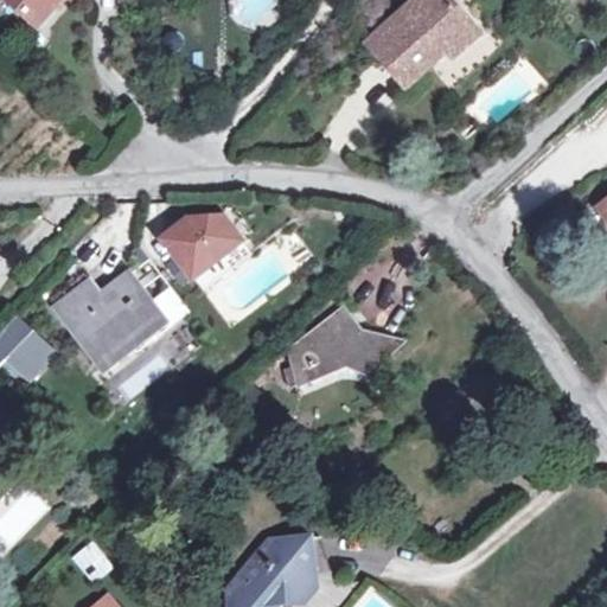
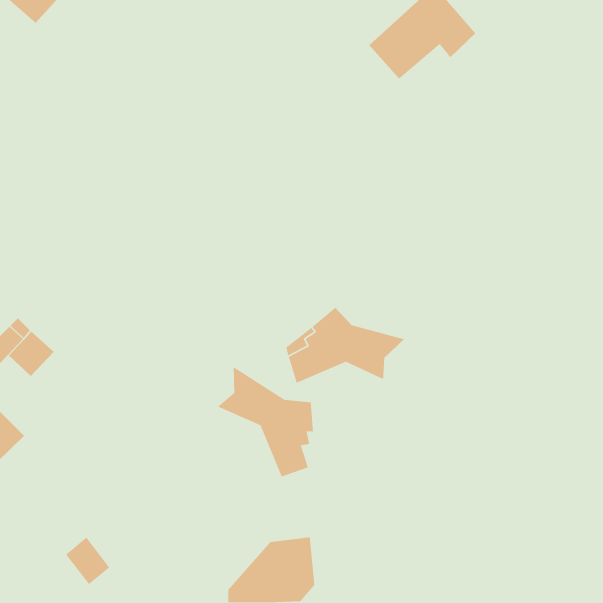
building: [159,215,247,288] -> none
building: [53,271,166,365] -> none
building: none -> [217,366,314,477]

